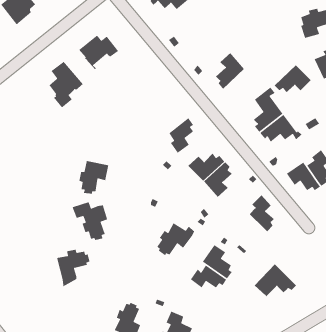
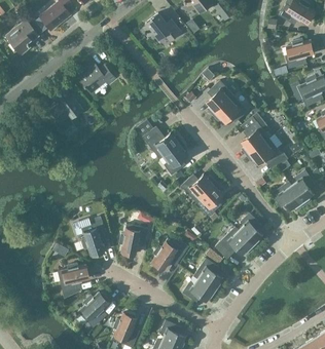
building: [274,65,311,93] -> [214,96,249,123]
building: none -> [143,126,182,159]
building: [78,160,109,195] -> [119,225,148,257]
building: [254,263,297,298] -> [215,228,255,260]
building: none -> [78,294,109,327]

